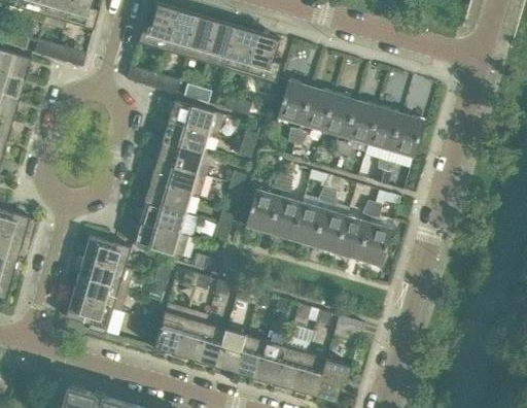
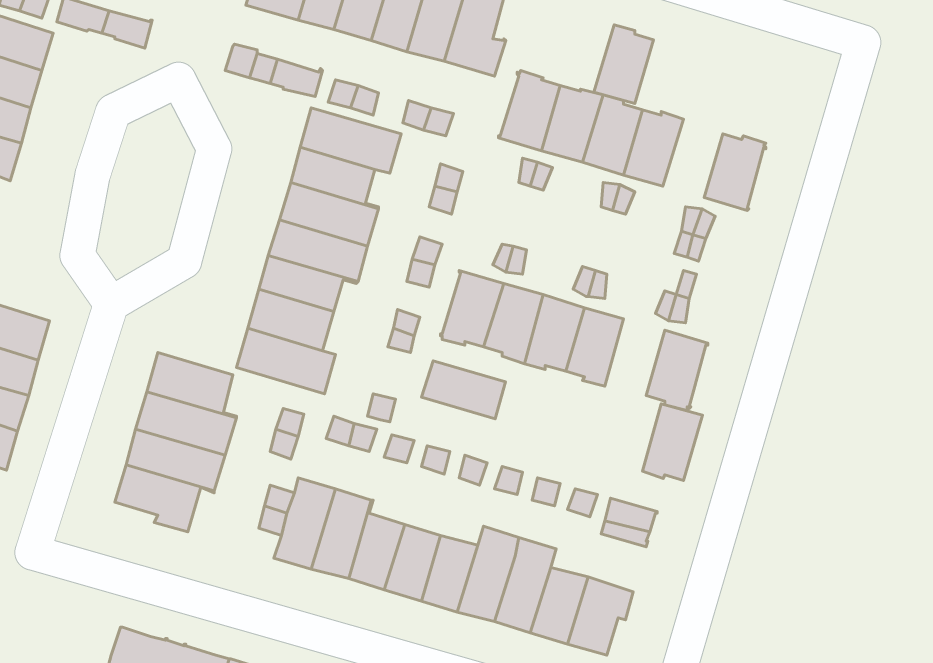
building: [366,106,399,149] -> [594,25,654,103]
building: [335,216,367,259] -> [642,404,702,480]
building: none -> [422,361,505,419]

